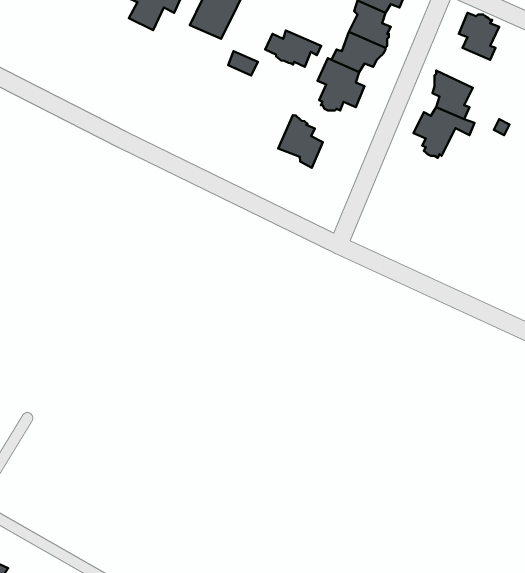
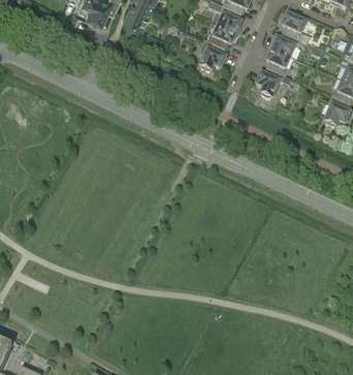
building: [265,30,321,67] -> none
building: none -> [268,33,300,57]
building: [278,115,323,168] -> none

